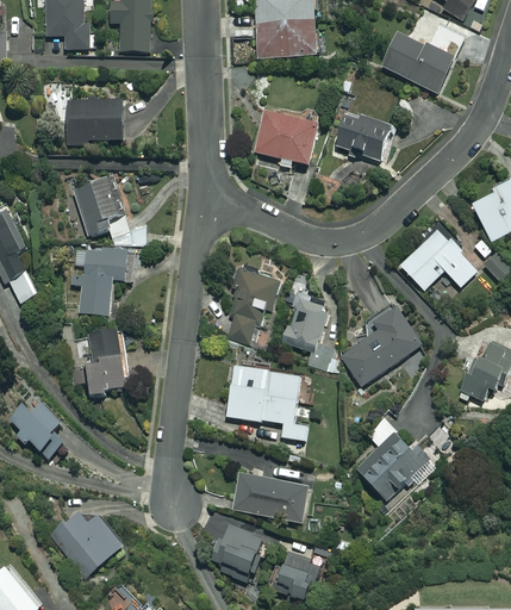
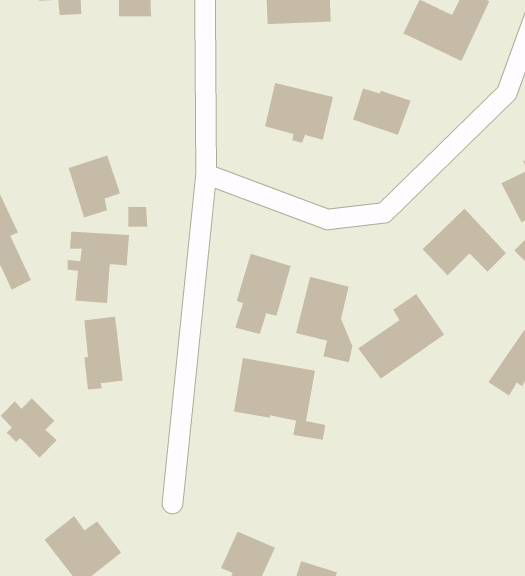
building: [67,100,121,143] -> none
building: [355,417,429,498] -> none
building: [231,463,307,522] -> none

